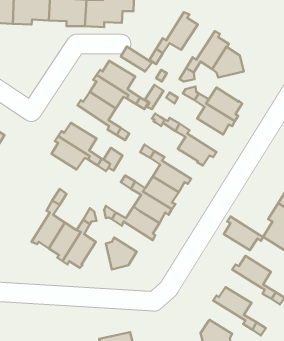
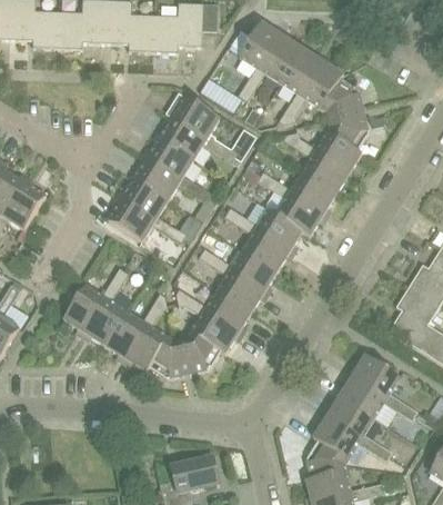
building: none -> [239,22,283,70]
building: none -> [280,49,324,96]
building: none -> [326,111,368,151]
building: none -> [133,156,184,200]
building: none -> [288,174,335,218]
building: none -> [254,208,302,254]
building: none -> [63,286,105,337]
building: [224,217,263,250] -> [339,374,391,418]
building: none -> [191,310,242,354]
building: none -> [148,337,188,378]
building: none -> [313,415,365,459]

